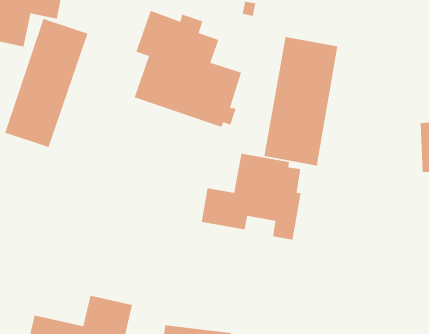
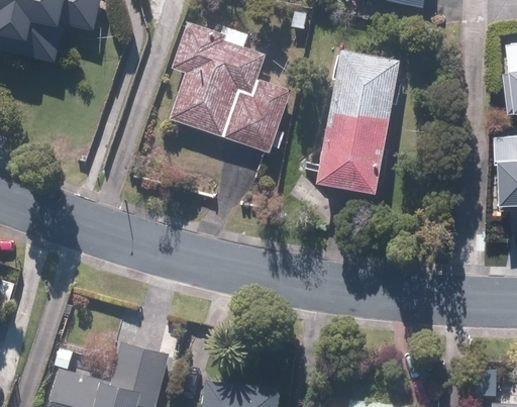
building: [5,18,88,148] -> none
building: [201,153,301,240] -> none

